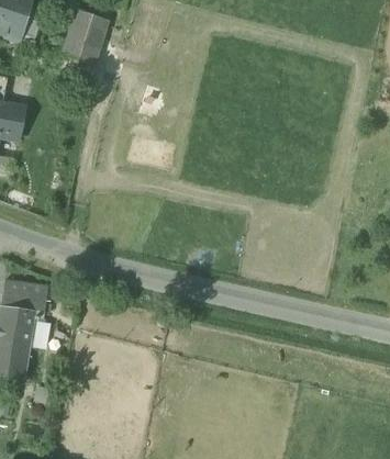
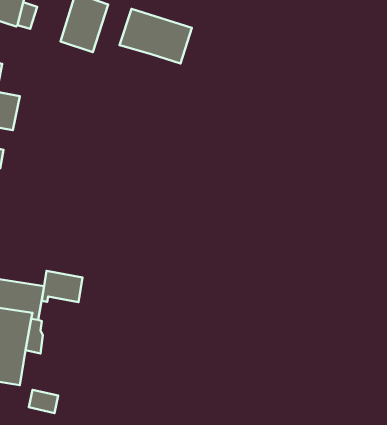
building: none -> [119,9,192,63]
building: none -> [42,271,83,302]

